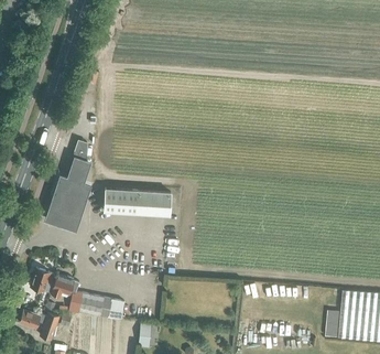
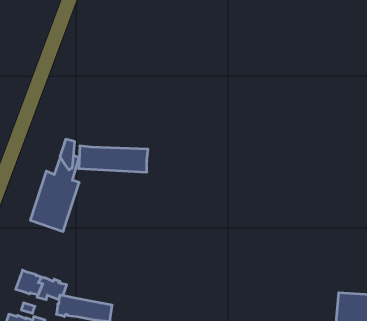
building: [104,190,171,215] -> [79,146,148,172]

